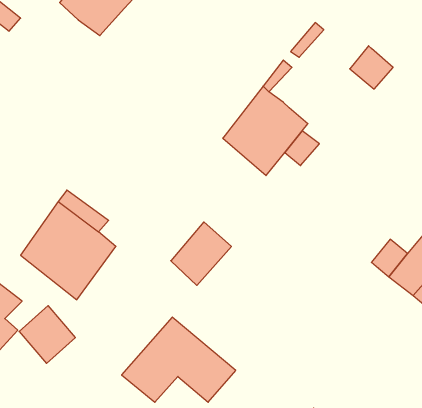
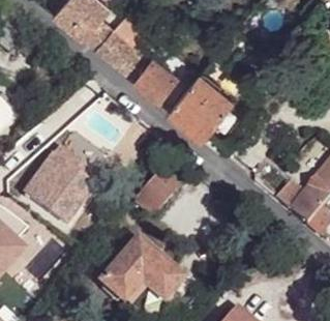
building: none -> [82,19,176,101]

